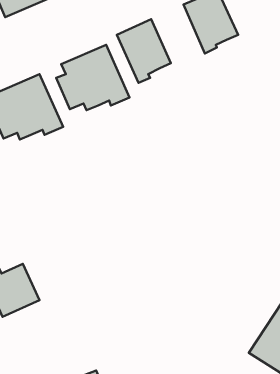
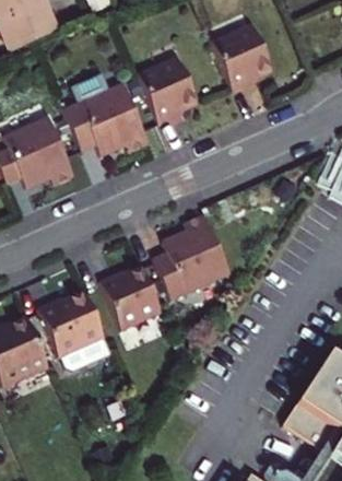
building: none -> [161,214,238,297]
building: none -> [99,275,168,338]
building: none -> [39,301,113,374]

